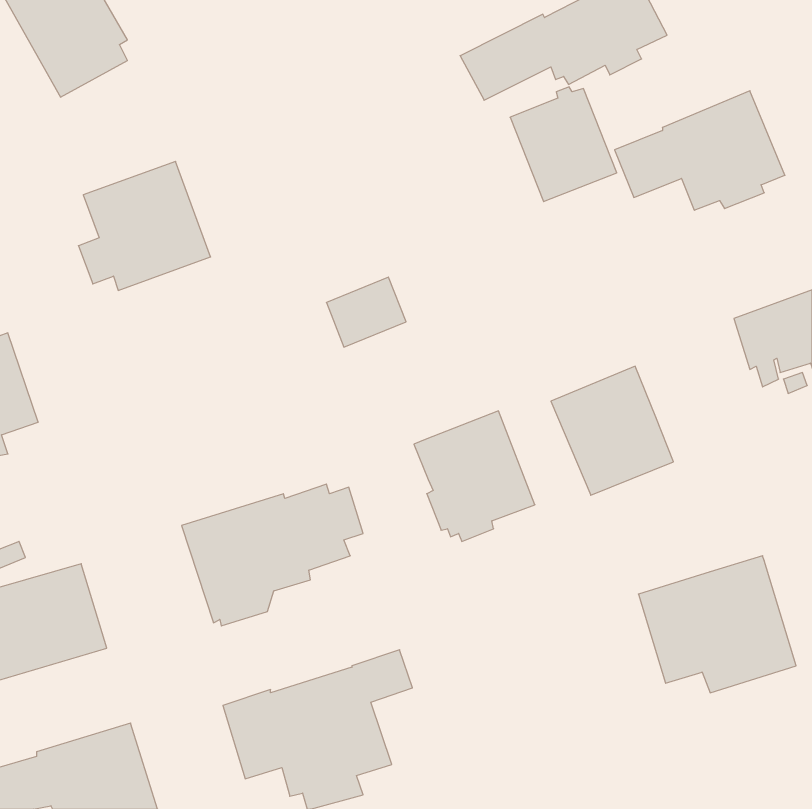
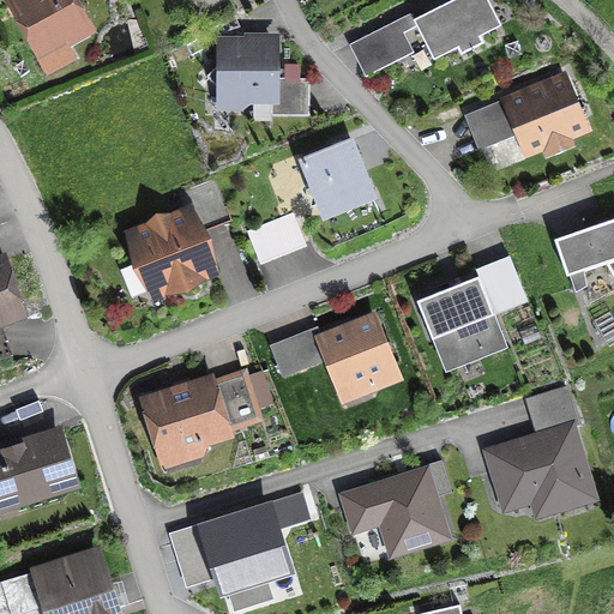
building: none -> [215,31,309,120]
building: [510,87,617,202] -> [296,137,377,223]
building: [78,161,211,290] -> [119,204,218,301]
building: none -> [475,254,528,314]
building: none -> [269,324,323,377]
building: none -> [524,384,582,431]
building: none -> [337,458,456,561]

